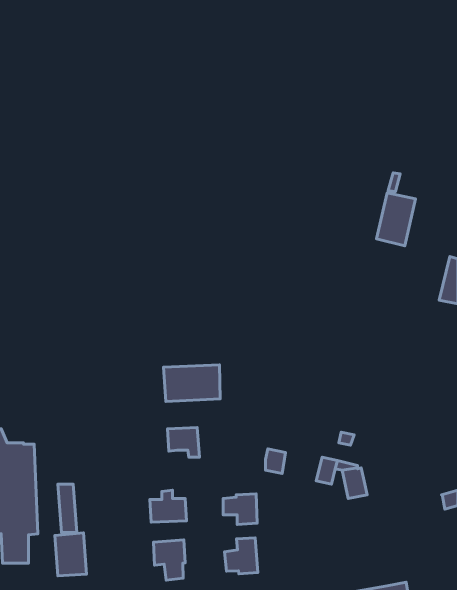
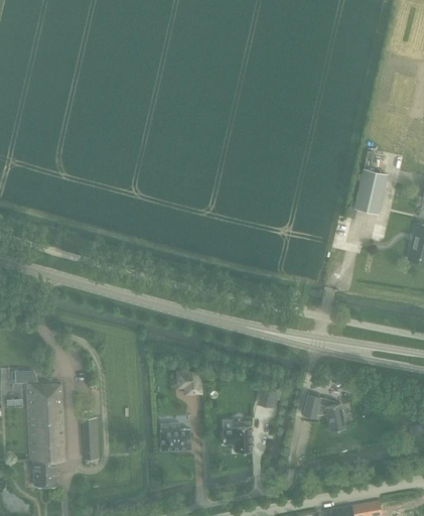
building: [164,365,220,401] -> none
building: [55,533,87,576] -> none
building: [224,538,258,574] -> none
building: [153,540,185,580] -> none

